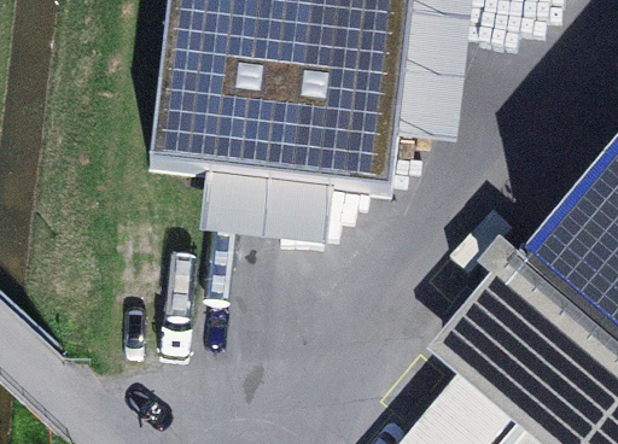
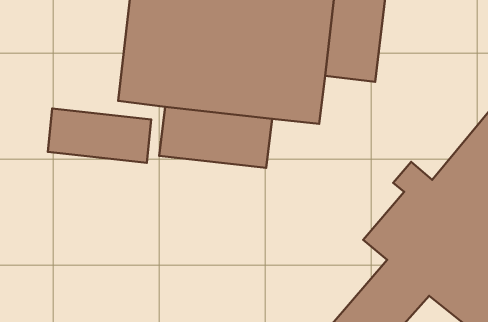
building: none -> [48,108,151,163]

